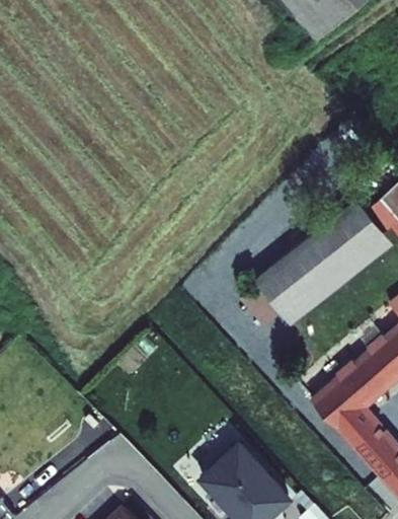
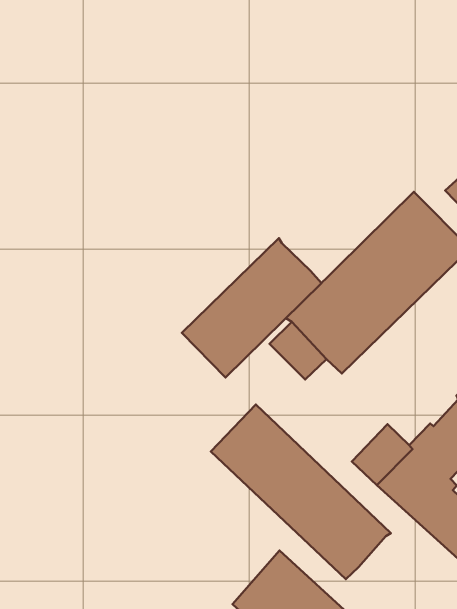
building: none -> [182,238,321,378]
building: none -> [211,405,391,579]

